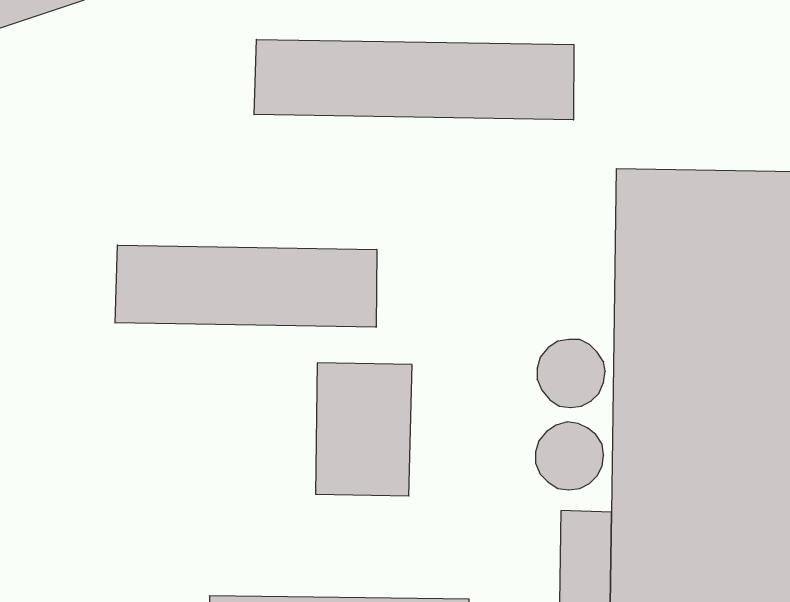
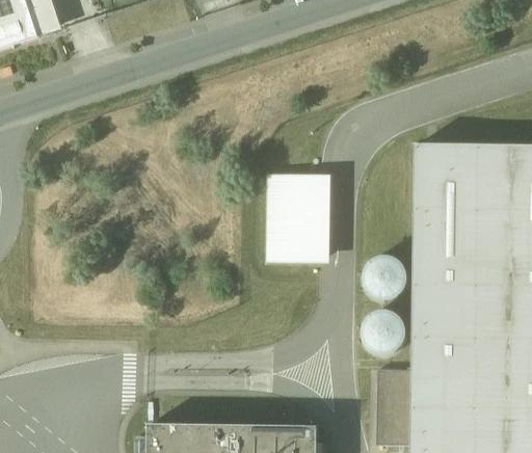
building: [254,39,574,120] -> none
building: [115,245,377,327] -> none
building: [316,363,412,496] -> [266,174,329,261]

